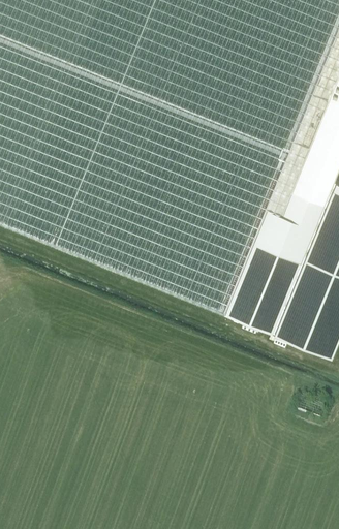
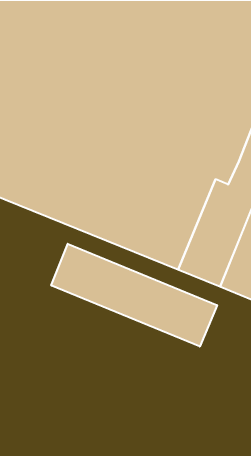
building: none -> [51,244,217,347]

